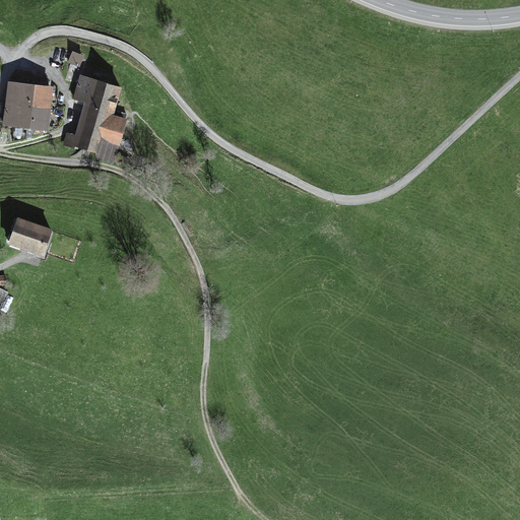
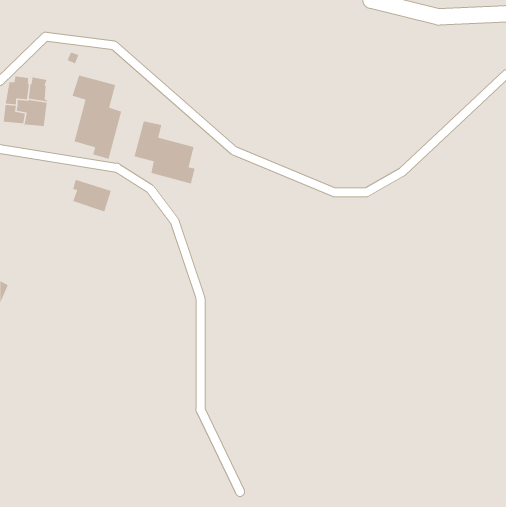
building: none -> [134,121,195,185]
building: [9,218,50,253] -> [72,179,112,212]

